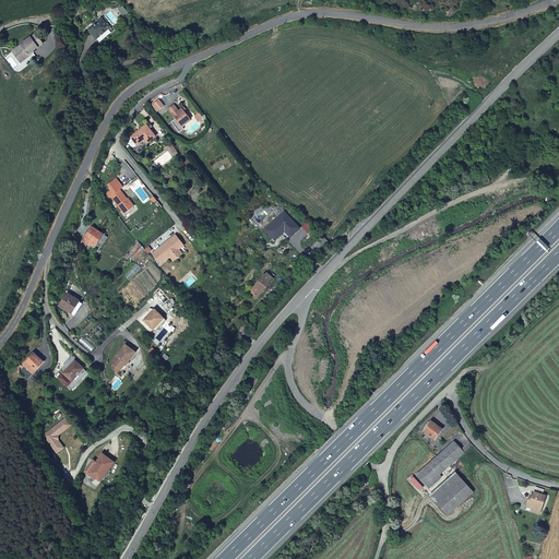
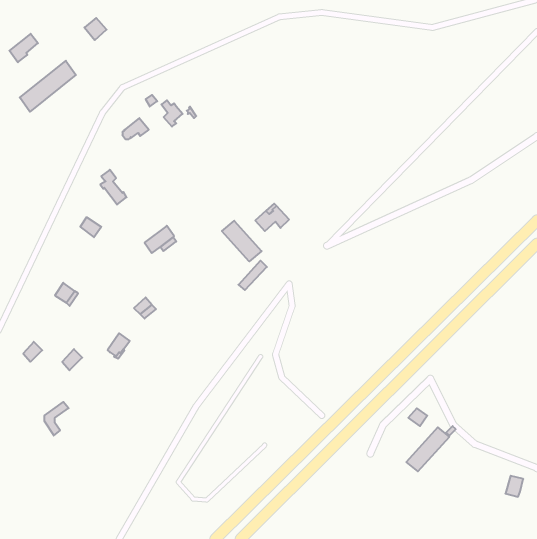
building: none -> [20,61,76,112]
building: none -> [222,221,262,261]
building: [83,453,114,481] -> none
building: [437,474,478,515] -> none

